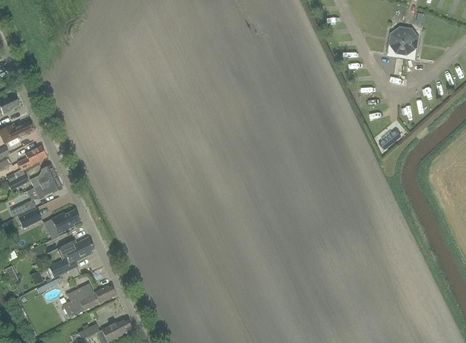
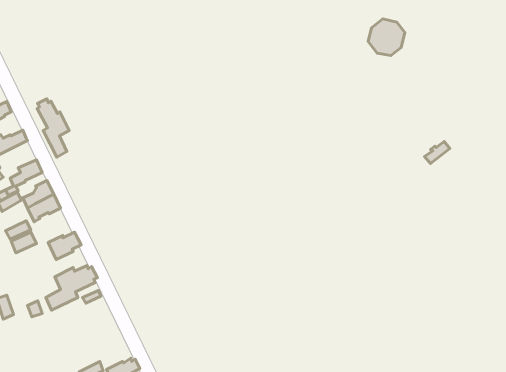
building: [386,24,418,56] -> [368,19,405,55]
building: none -> [37,99,69,157]
building: [61,285,114,317] -> none

